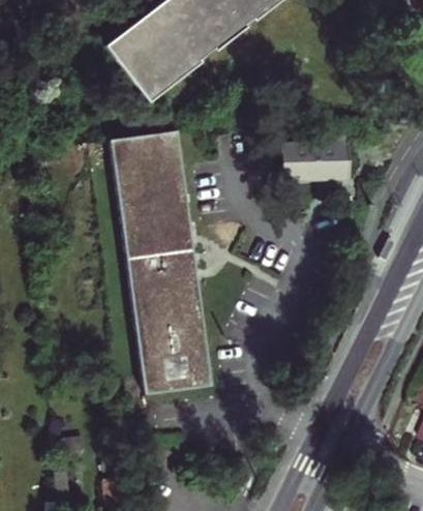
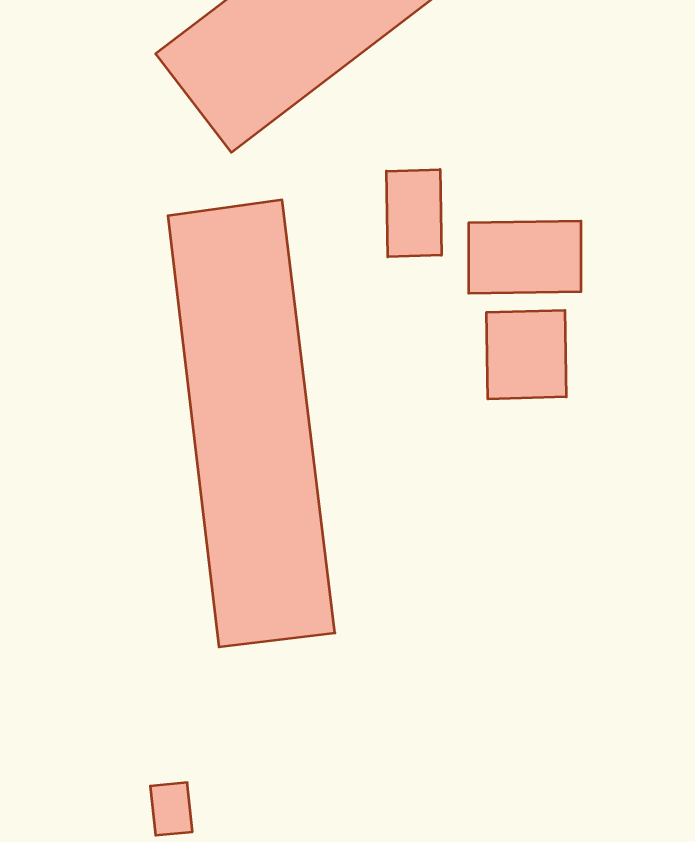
building: none -> [386,169,441,257]
building: none -> [487,310,566,399]

